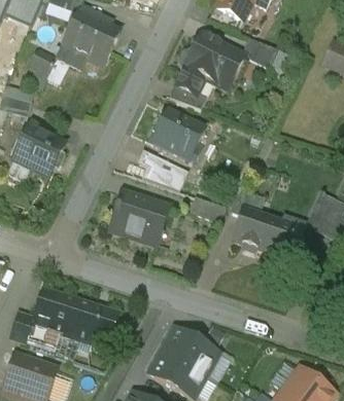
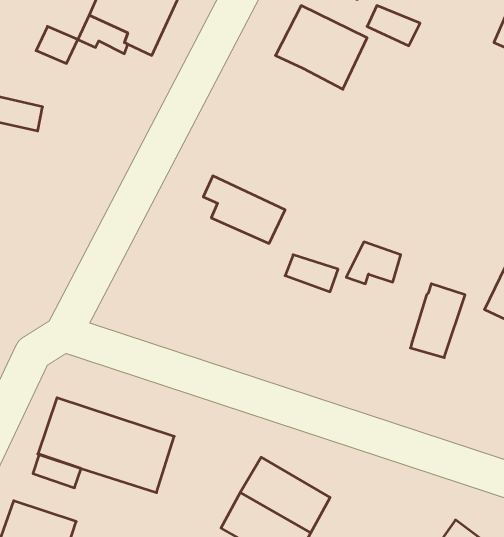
building: [167,68,204,107] -> none
building: [153,110,205,160] -> none
building: [15,120,66,176] -> none
building: [109,190,171,245] -> none
building: [234,208,282,251] -> none

